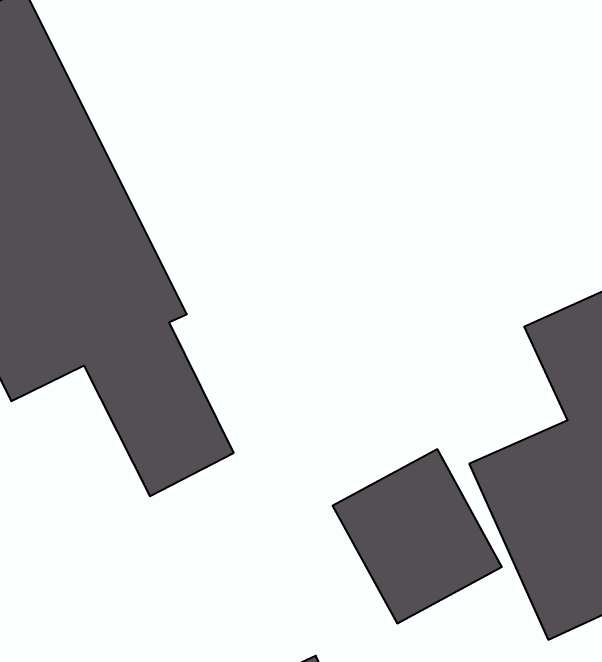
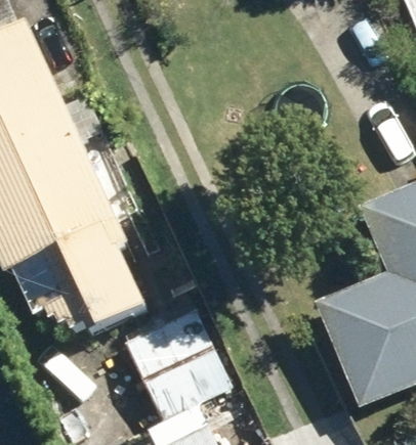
building: [333,449,502,623] -> [123,311,231,421]

